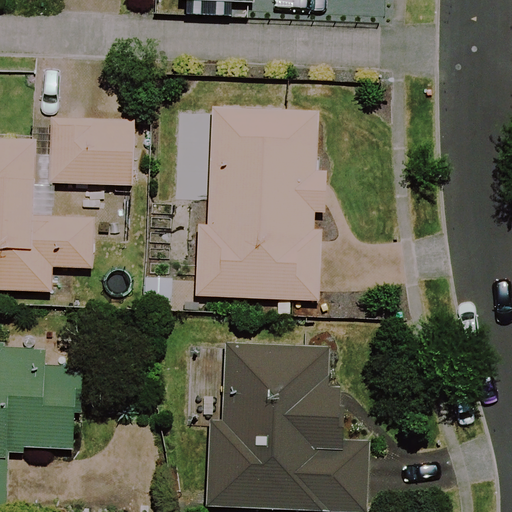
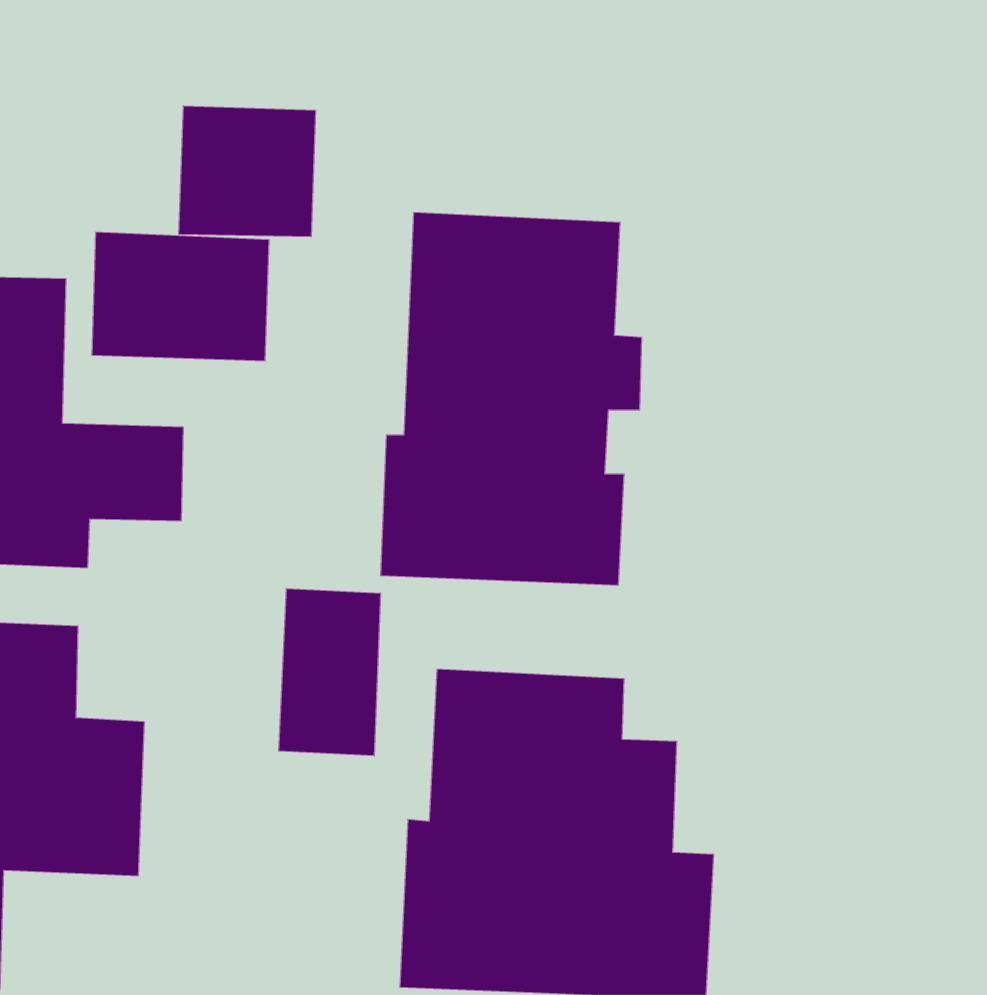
building: none -> [179,106,315,237]
building: none -> [279,588,380,756]

